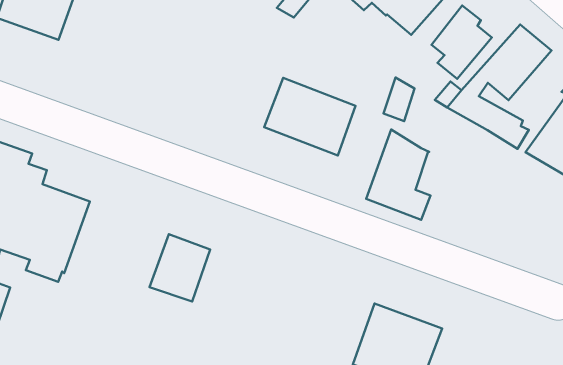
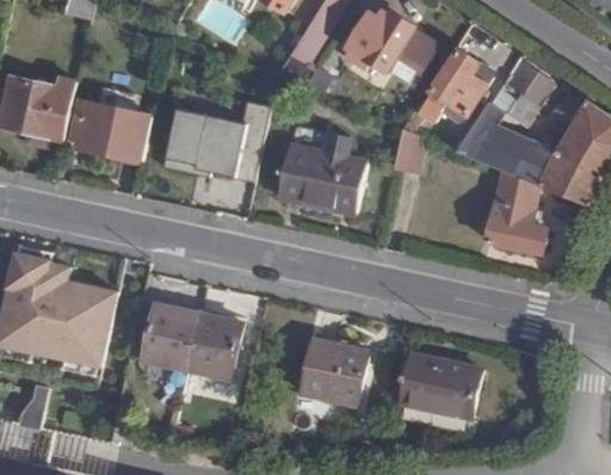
building: none -> [73,101,150,162]
building: none -> [161,101,269,181]
building: [366,130,431,220] -> [483,169,547,254]
building: none -> [142,306,198,370]
building: none -> [301,340,368,406]

